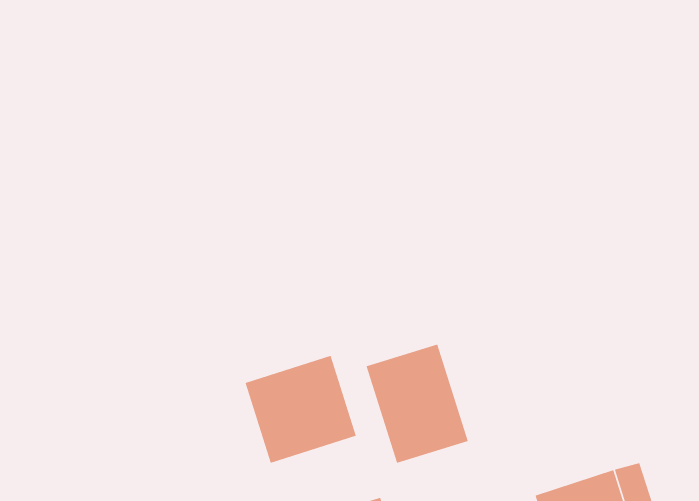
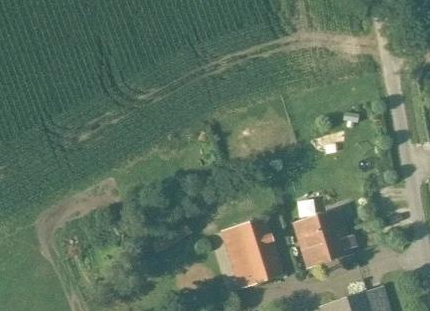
building: none -> [294,209,352,267]
building: [245,355,357,464] -> none

